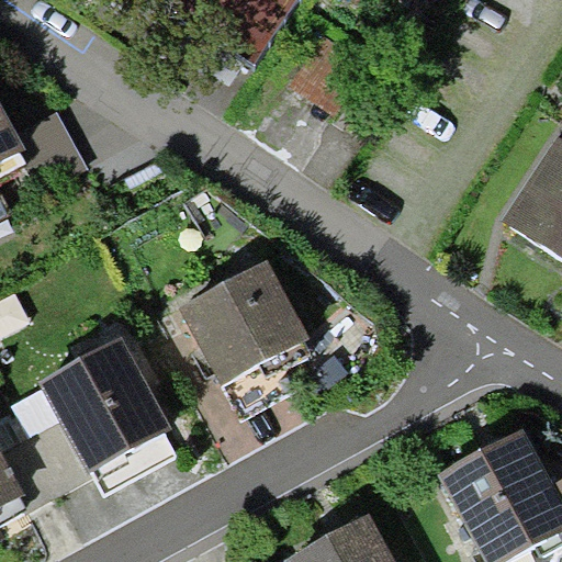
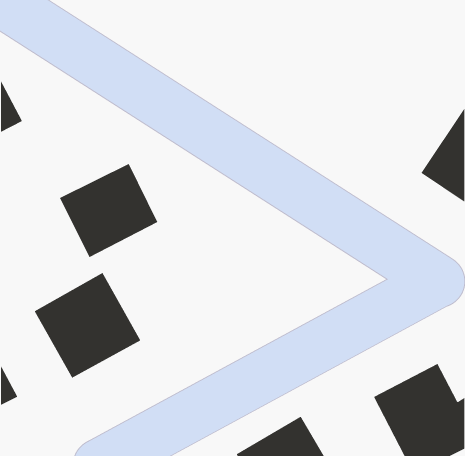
building: [183,262,303,376] -> [59,163,158,258]

